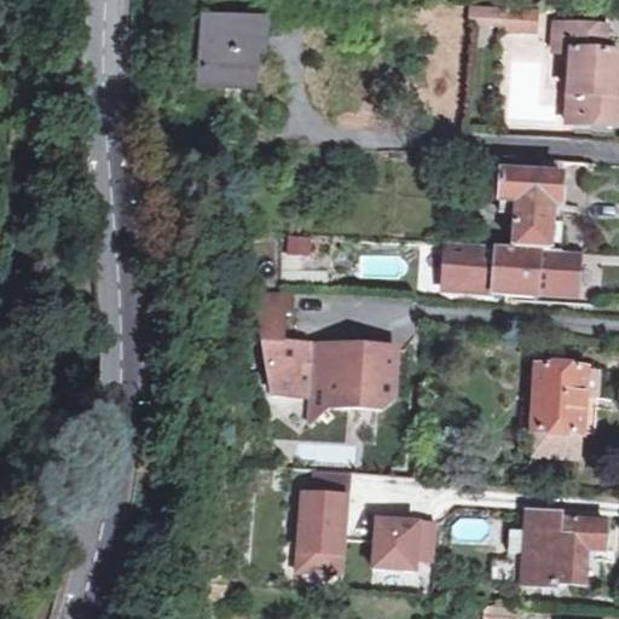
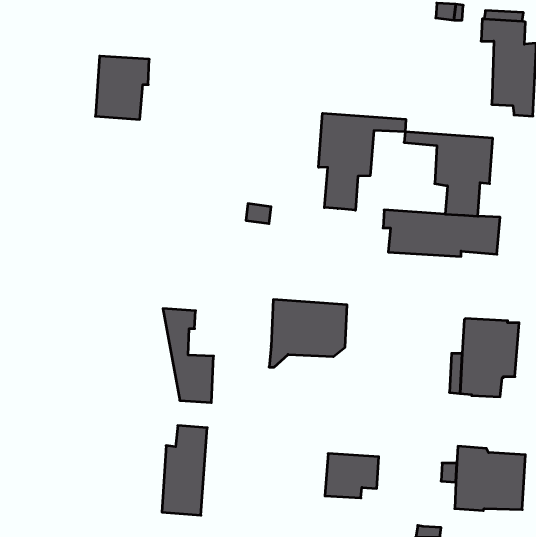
building: [202,10,264,82] -> [95,56,149,119]
building: none -> [319,113,406,210]
building: [255,289,313,397] -> [163,309,214,403]
building: [295,472,347,574] -> [162,426,207,515]

